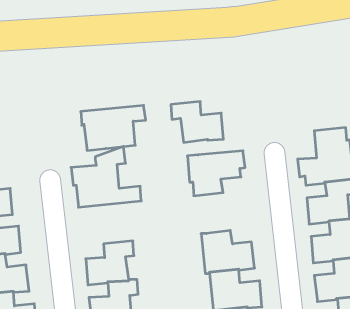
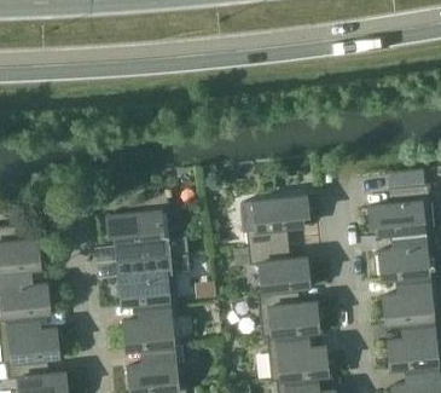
building: [171,102,223,142] -> [248,243,308,290]
building: [81,105,146,150] -> [115,253,190,305]

